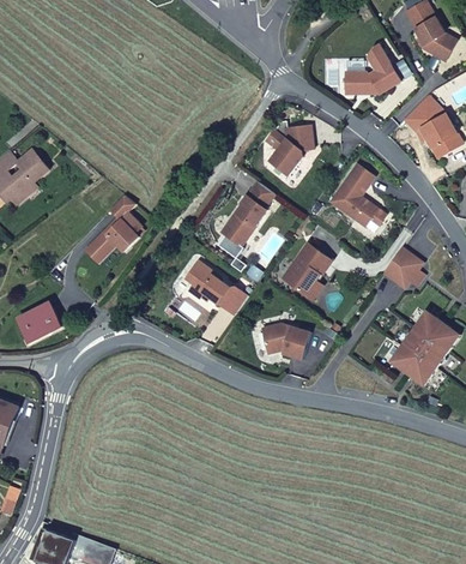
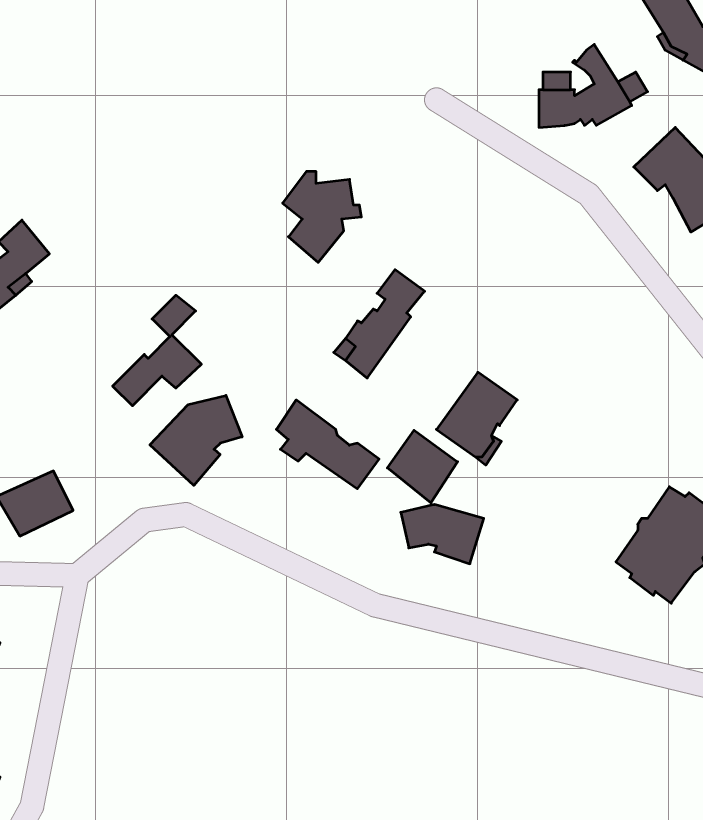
building: [265,121,313,176] -> [283,172,361,262]
building: [328,163,386,227] -> none
building: [382,247,424,289] -> none
building: none -> [150,395,242,485]
building: none -> [387,430,458,503]

